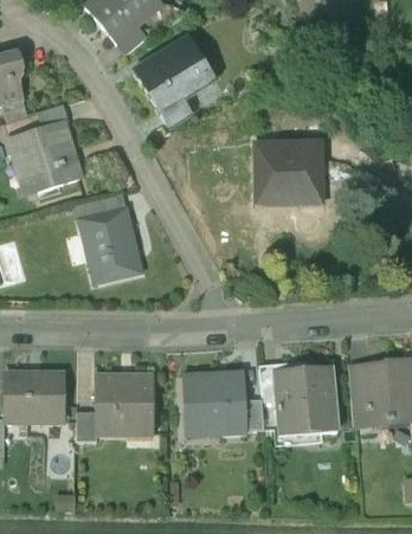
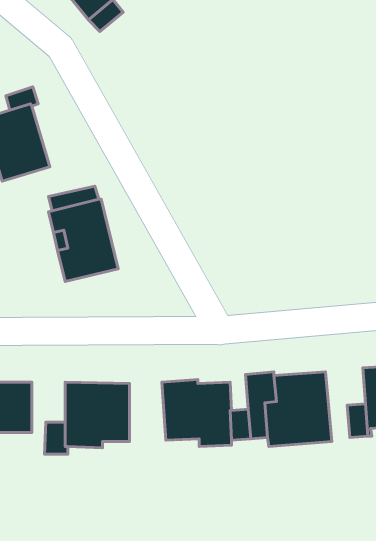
building: [136,40,212,112] -> none
building: [255,142,322,206] -> none

